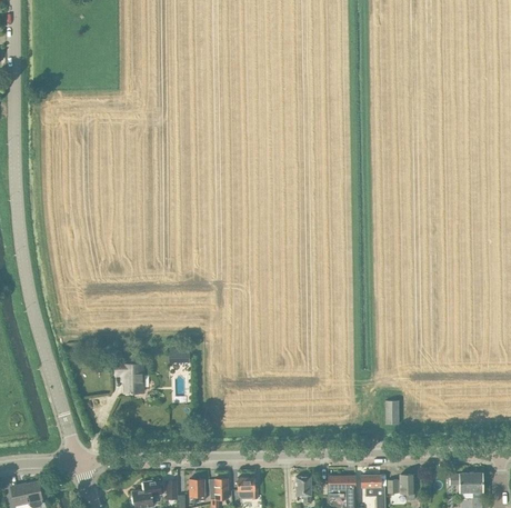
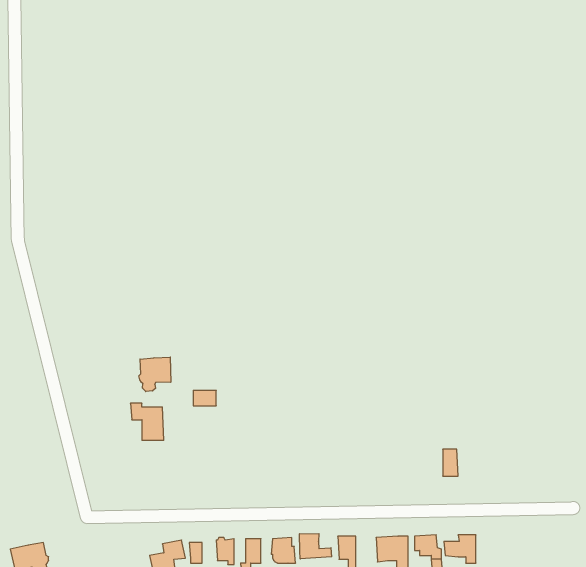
building: none -> [139,357,171,392]
building: [450,472,482,497] -> none
building: none -> [300,534,332,559]

